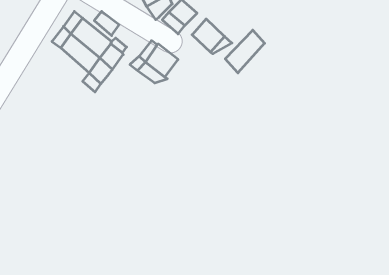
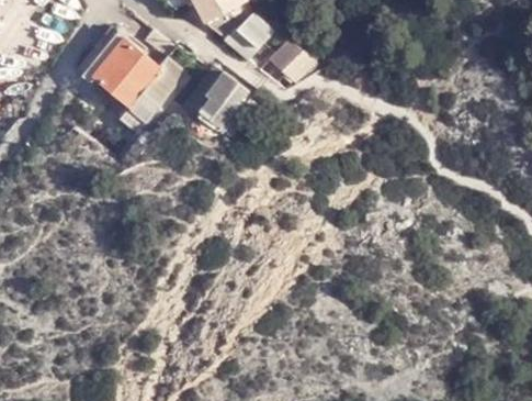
building: [225,30,265,73] -> none

